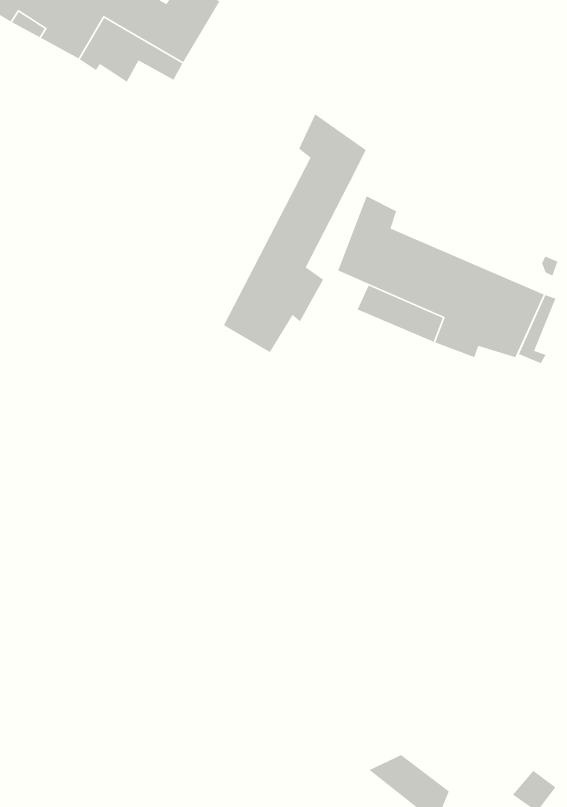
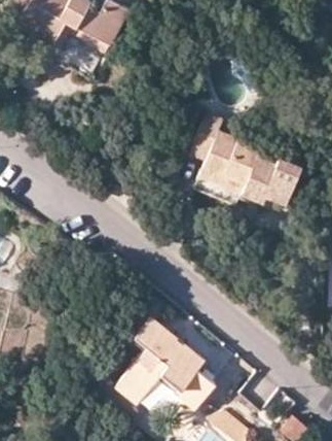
building: [223,113,367,353] -> none
building: none -> [115,317,214,408]

